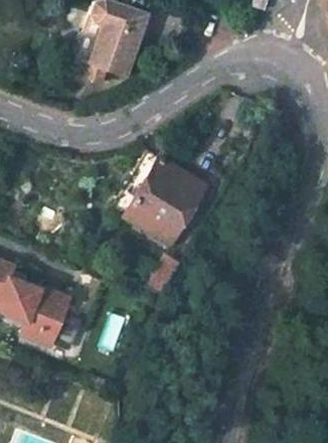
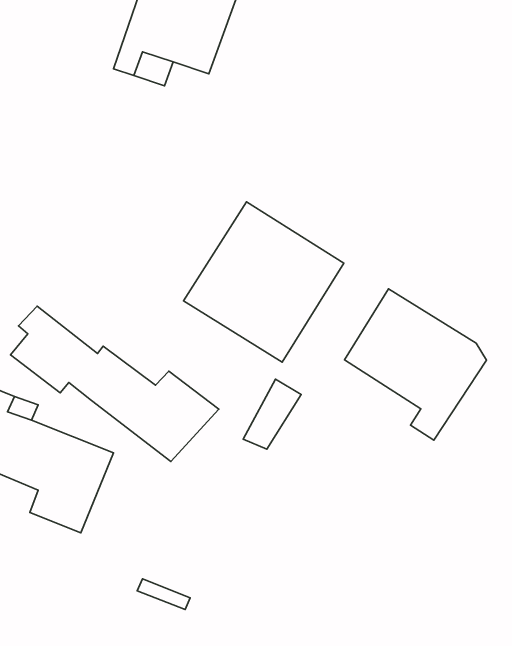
building: none -> [344,289,487,440]
building: none -> [10,306,219,462]

